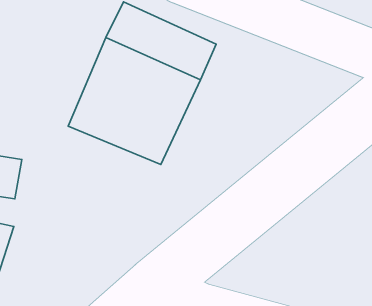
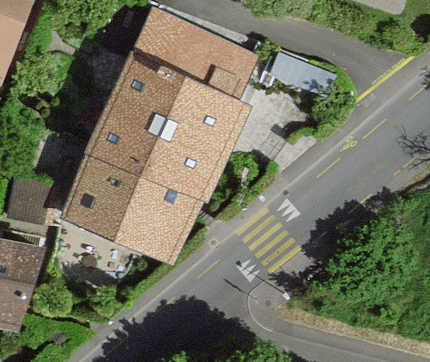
building: none -> [71,149,193,256]

